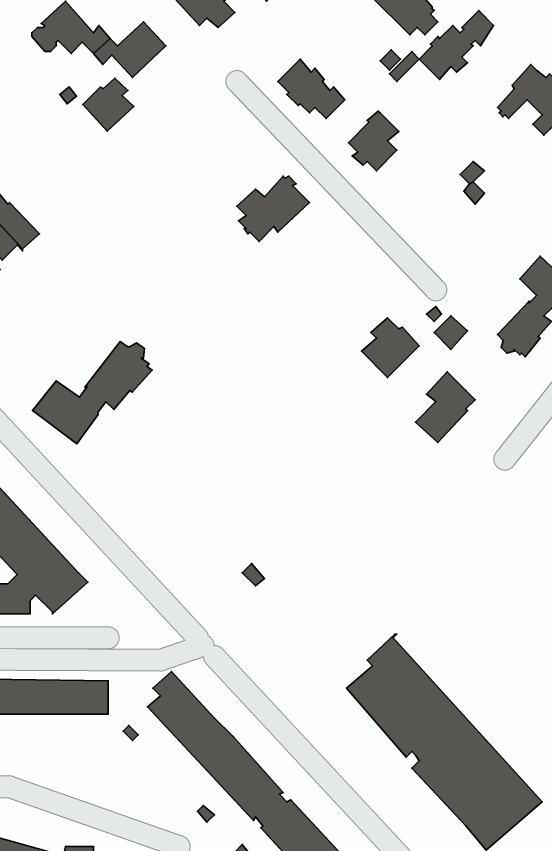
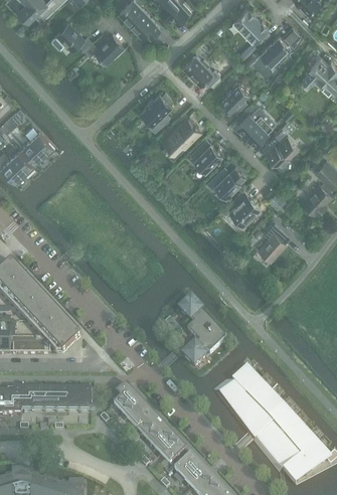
building: [83,78,134,131] -> none
building: none -> [140,92,171,131]
building: none -> [235,112,272,143]
building: none -> [264,135,298,165]
building: none -> [189,141,222,169]
building: none -> [204,165,243,195]
building: [32,341,152,444] -> none
building: none -> [178,297,225,365]

